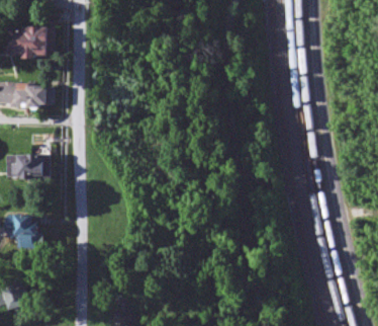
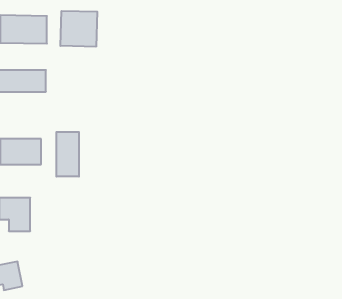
building: none -> [60,11,97,47]
building: none -> [56,132,79,177]

